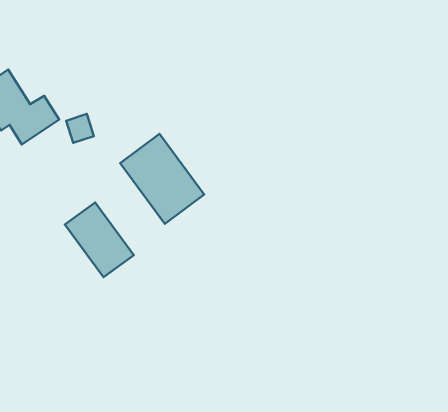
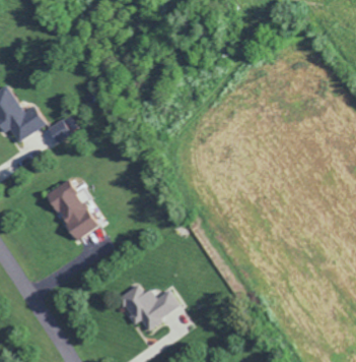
building: [120,134,204,224] -> none
building: none -> [118,284,180,329]

